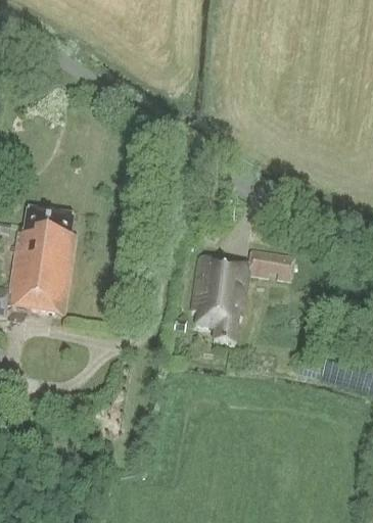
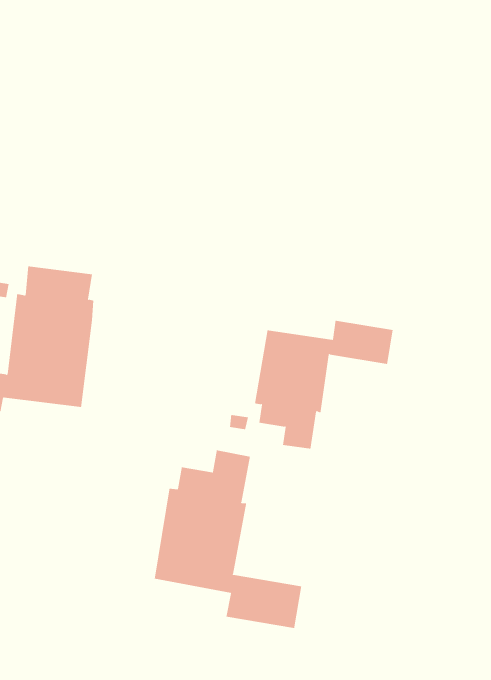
building: none -> [154,450,302,629]

